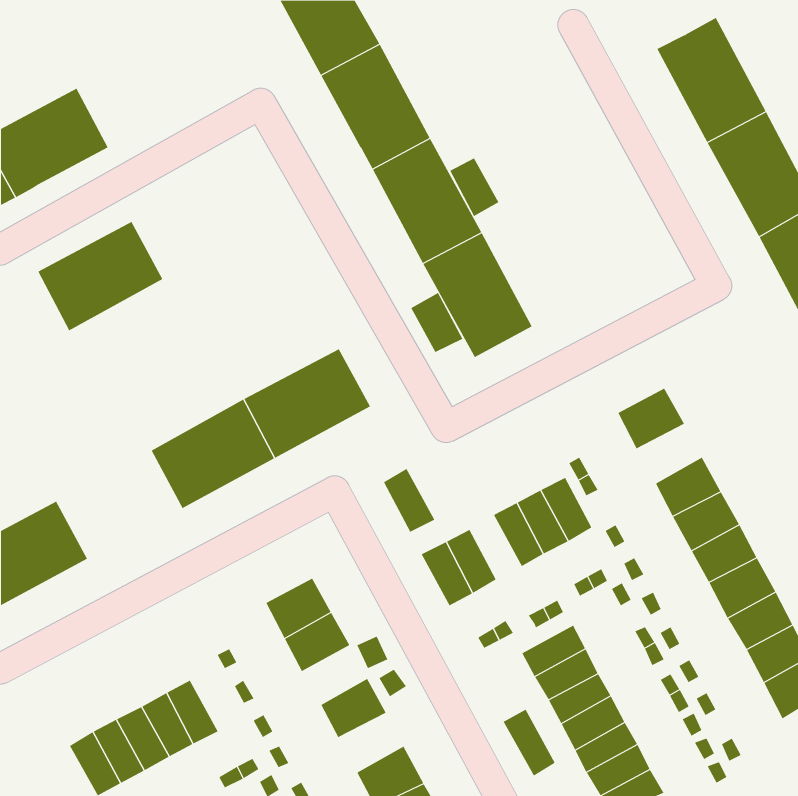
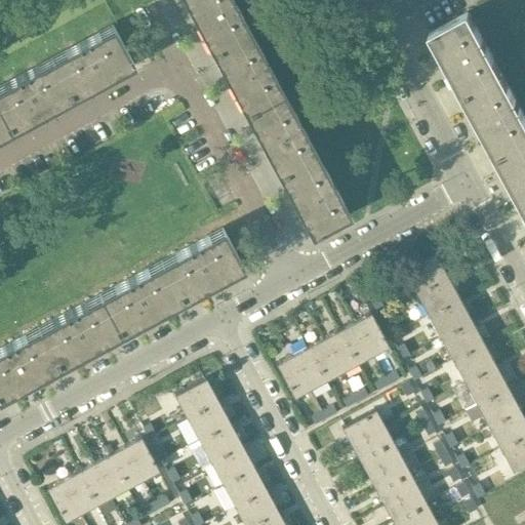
building: [450,157,499,217] -> none
building: [37,221,163,331] -> [53,29,135,100]
building: [411,292,463,353] -> none
building: none -> [418,281,461,320]
building: none -> [40,298,122,369]
building: [383,468,435,533] -> [310,340,344,382]
building: none -> [200,426,243,465]
building: none -> [127,440,161,482]
building: [503,709,556,777] -> none
building: none -> [224,470,267,509]

